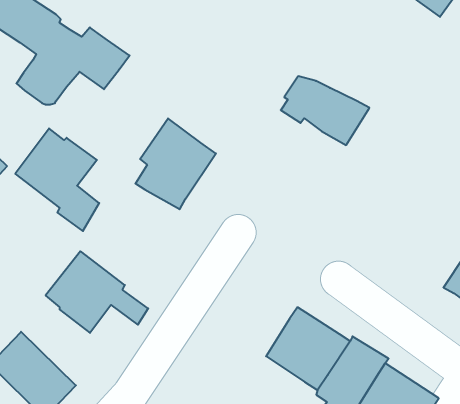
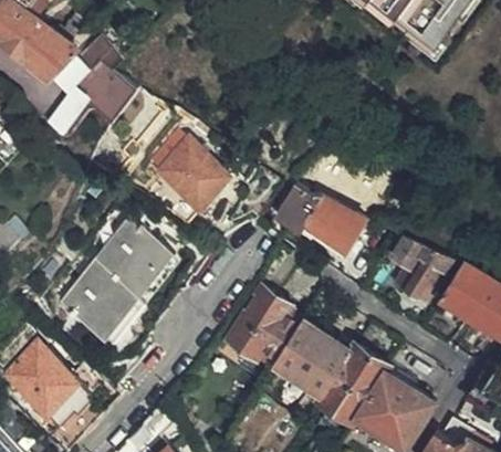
building: [281,76,369,145] -> [279,189,363,254]
building: [15,128,99,231] -> [93,221,173,318]
building: none -> [385,238,446,306]
building: none -> [227,290,299,364]

